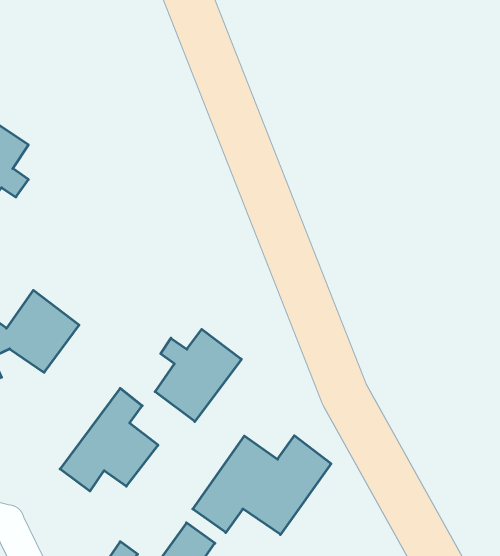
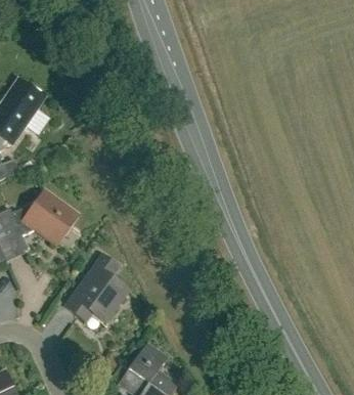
building: [155,329,241,422] -> none
building: [193,436,331,535] -> none

